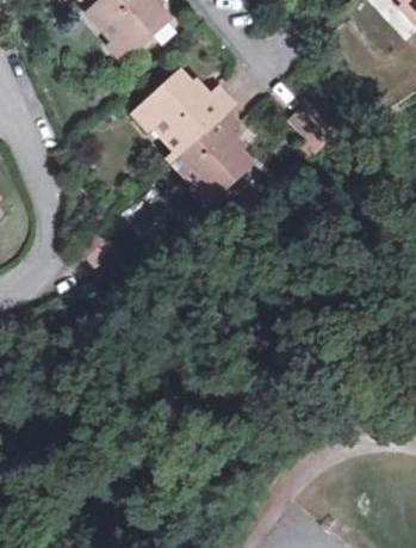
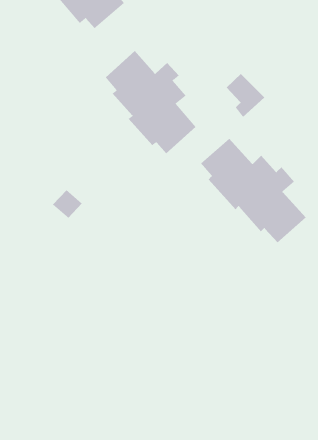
building: none -> [200,138,306,243]

